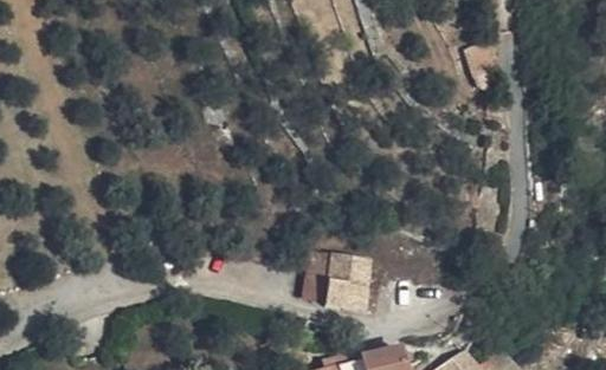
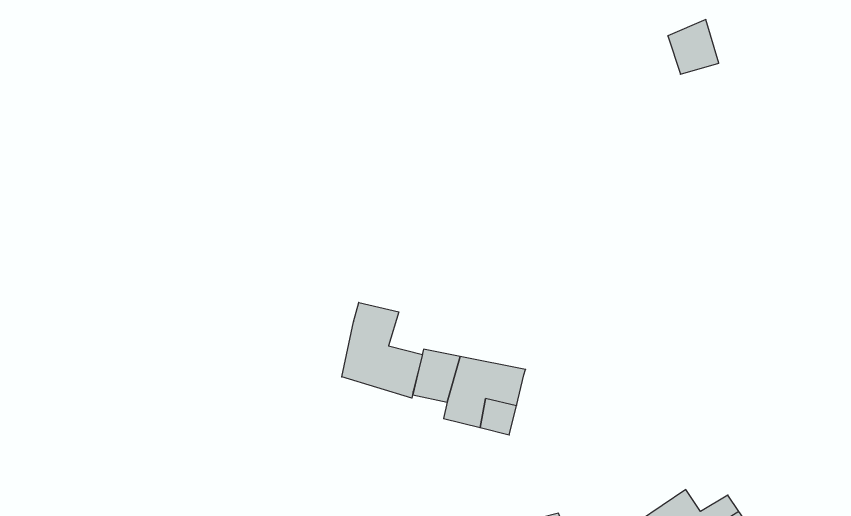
building: none -> [342,302,422,398]

